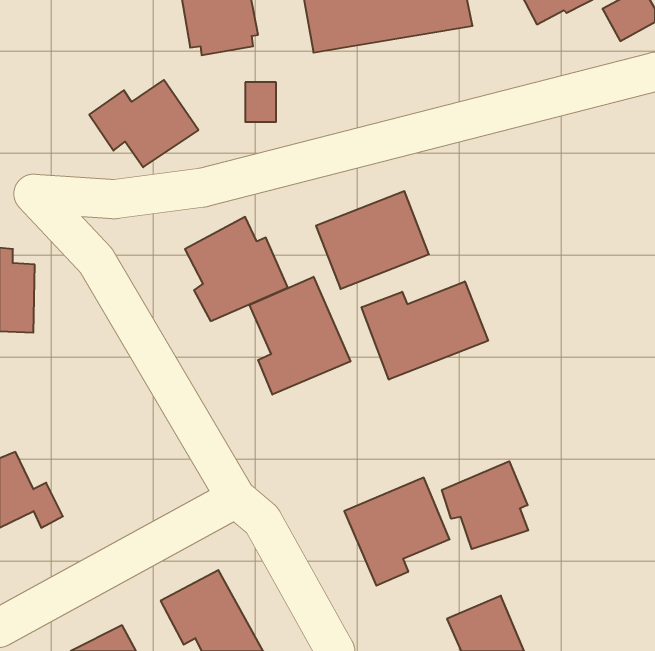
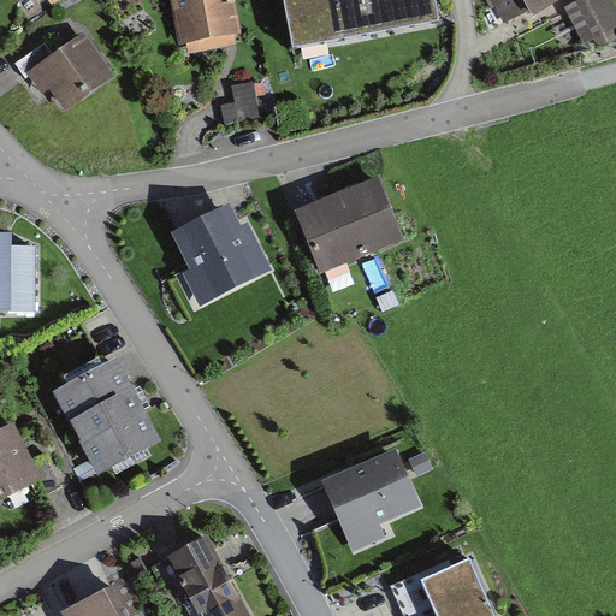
building: [89,80,198,167] -> [12,30,114,112]
building: [250,277,350,395] -> none
building: [362,281,488,380] -> none
building: none -> [53,357,160,472]
building: [442,461,528,549] -> none

